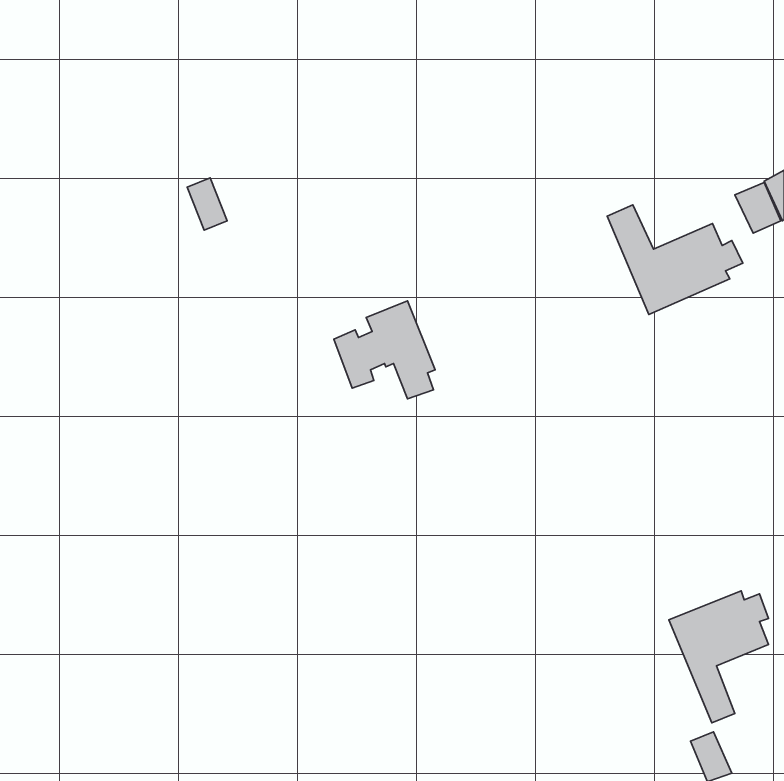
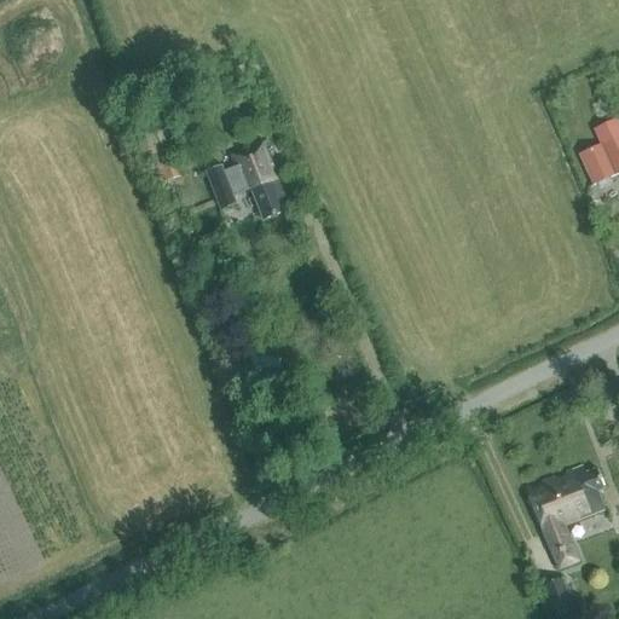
building: [607,205,743,315] -> none
building: [334,301,435,399] -> [207,141,287,219]

